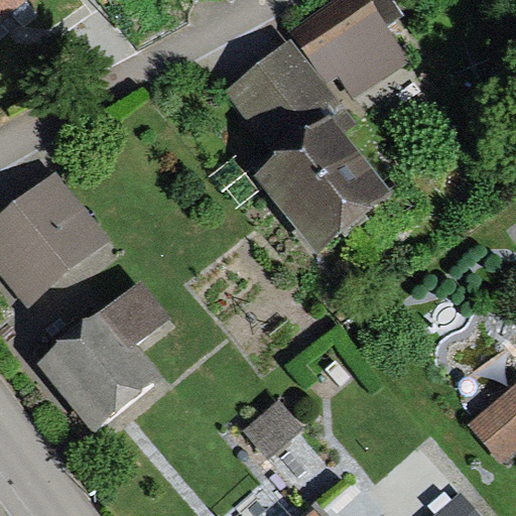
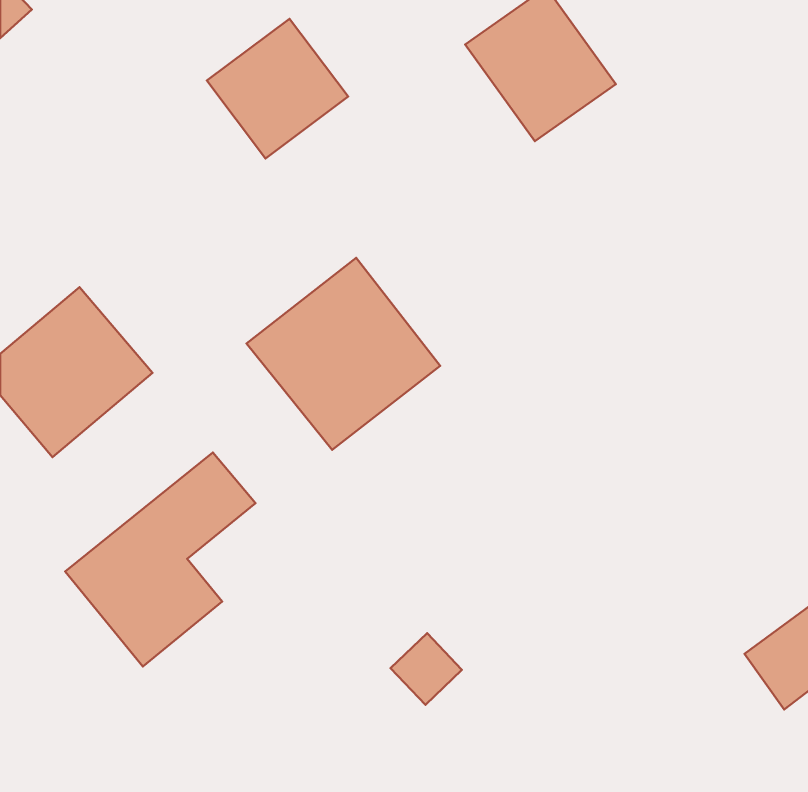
building: [237,55,327,144] -> [207,19,348,158]
building: [263,125,386,247] -> [247,258,440,450]

